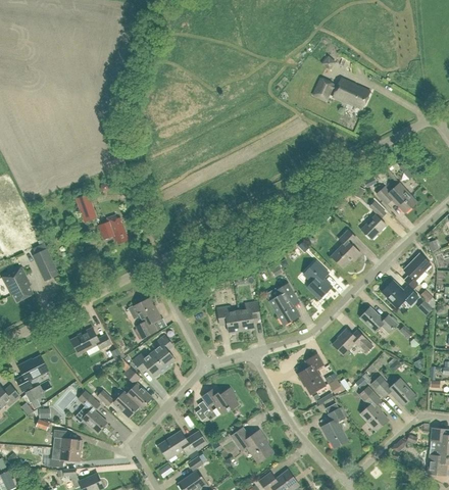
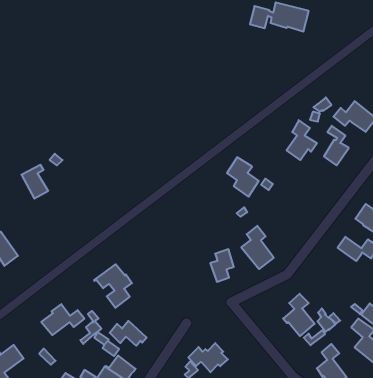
building: [99,214,129,244] -> none
building: [331,230,360,267] -> [287,120,317,160]
building: [303,261,332,300] -> [227,157,259,197]
building: [217,305,241,332] -> none
building: [332,329,373,355] -> none
building: [152,336,174,371] -> none

